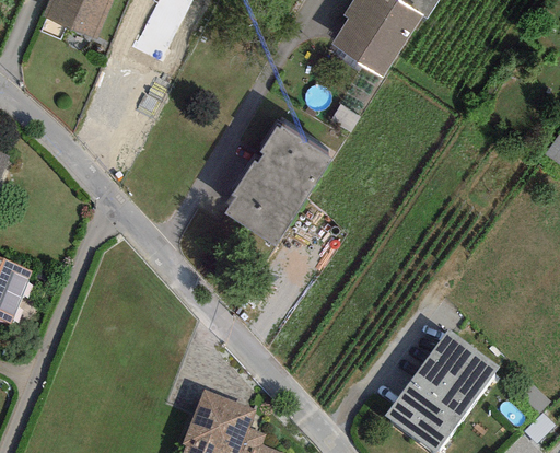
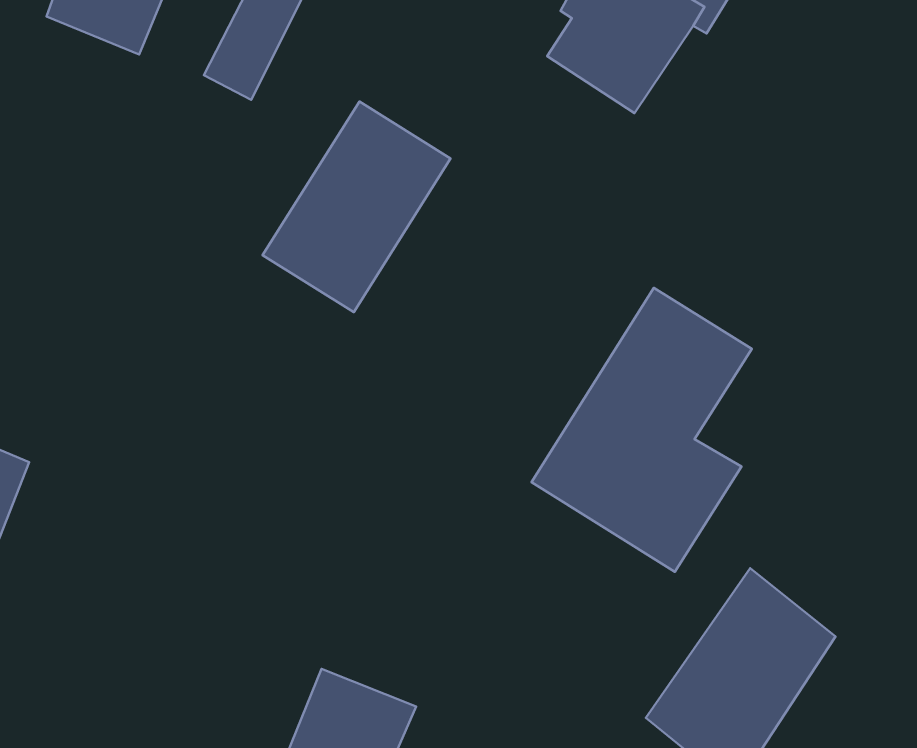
building: [215,126,324,247] -> [263,102,450,312]
building: none -> [531,288,752,572]

